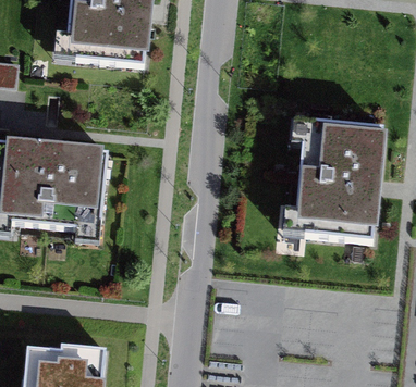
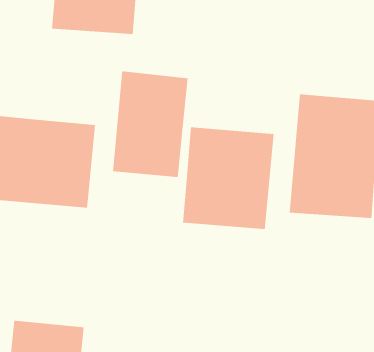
building: none -> [113,71,188,178]
building: none -> [183,126,274,230]

